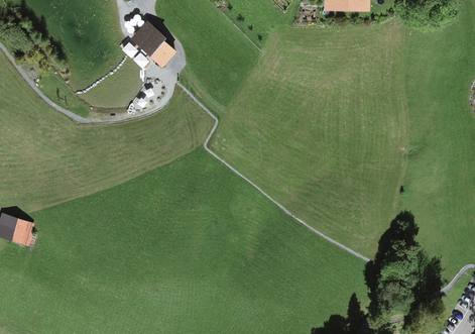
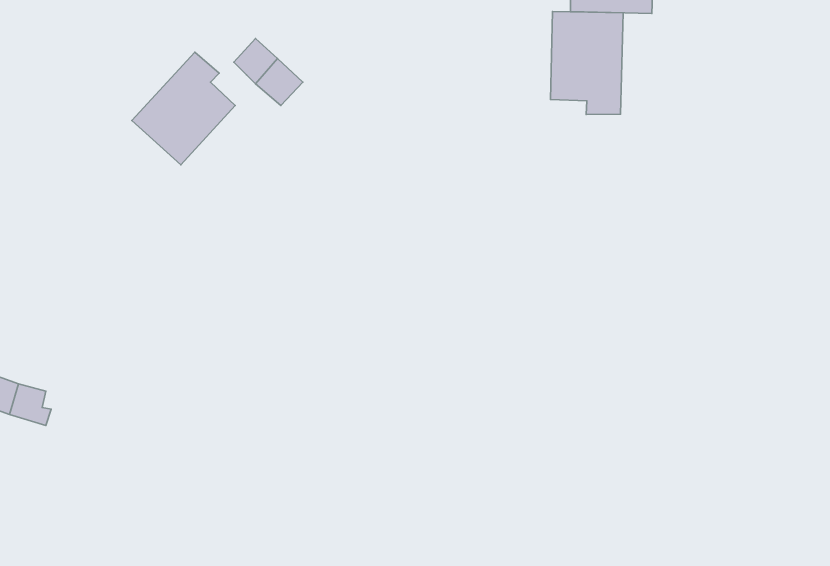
building: none -> [550,12,623,115]
building: none -> [132,52,235,165]

